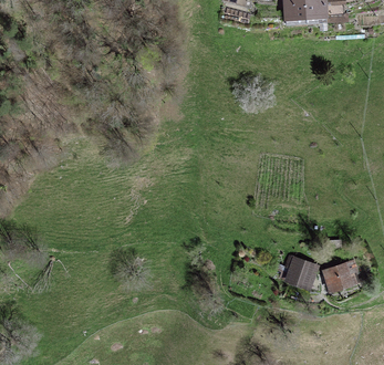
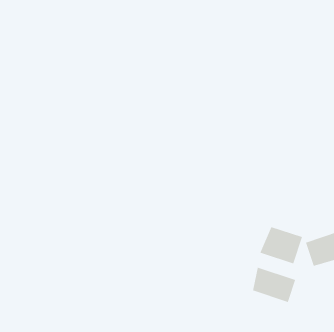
building: none -> [253,267,296,303]

